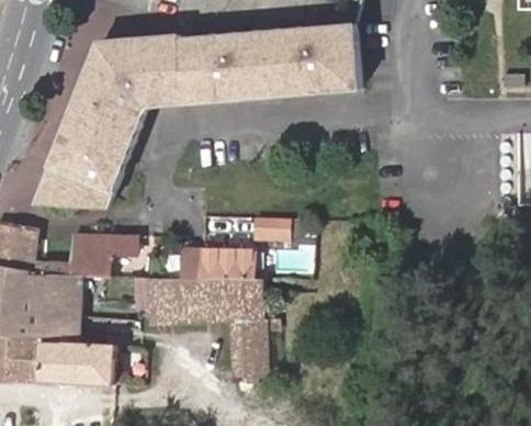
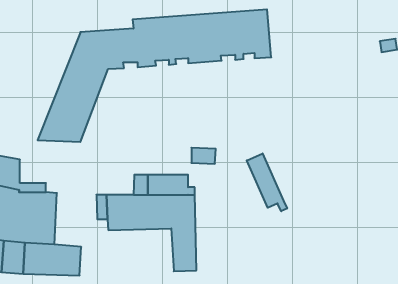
building: [37,38,182,202] -> none
building: none -> [247,153,287,211]
building: [68,231,135,272] -> none

